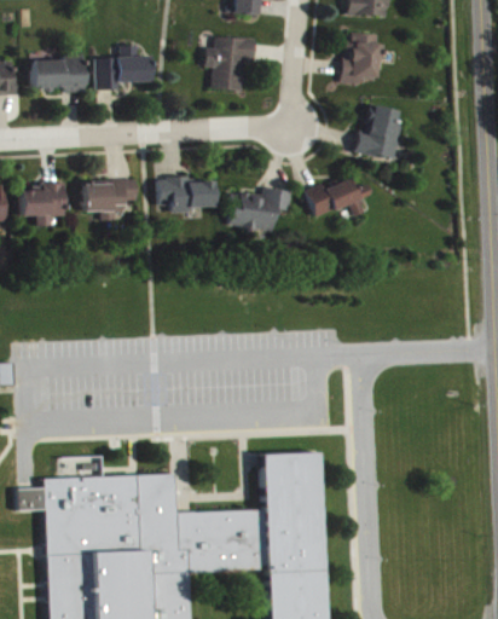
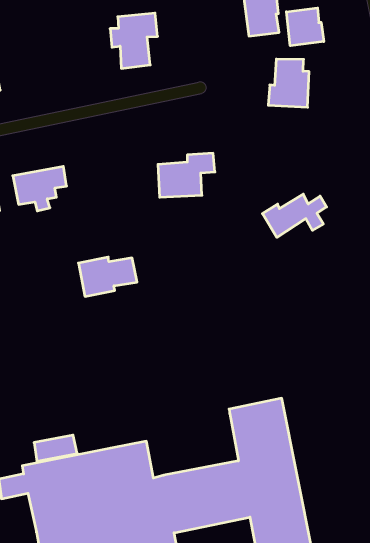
building: [95,45,151,89] -> none
building: none -> [286,8,324,46]
building: [158,177,215,213] -> [78,257,137,296]
building: [306,178,372,218] -> [262,194,327,237]

